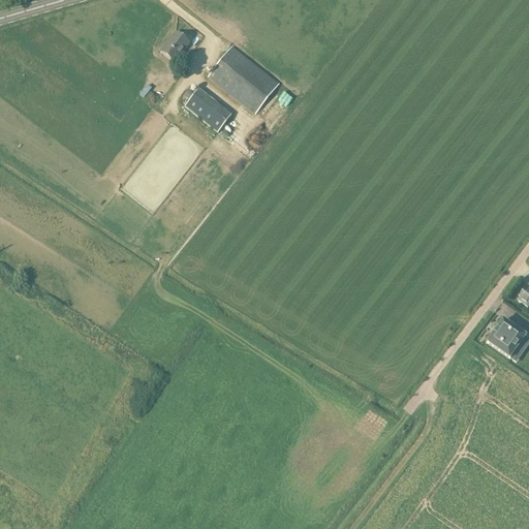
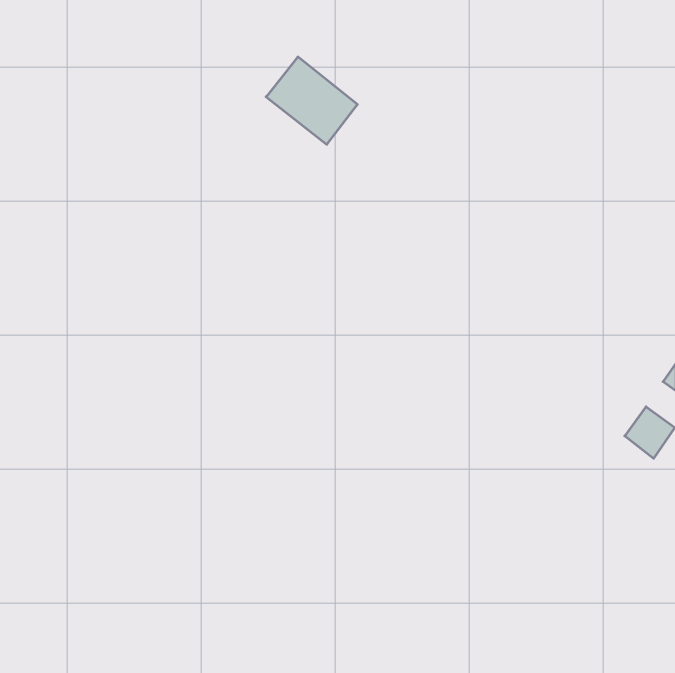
building: [161,30,191,61] -> none
building: [186,88,231,130] -> none

